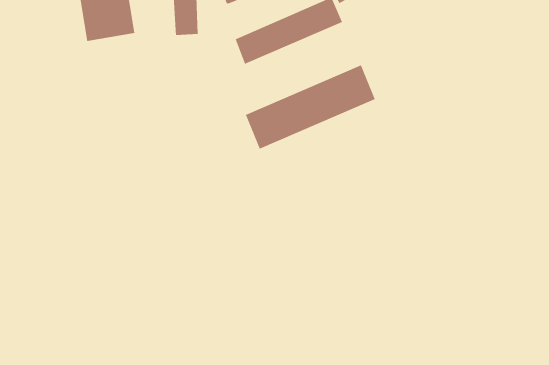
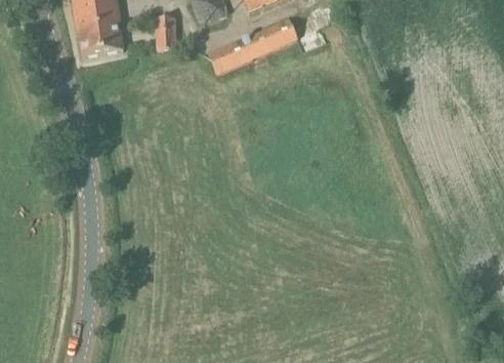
building: [245,64,375,150] -> none

